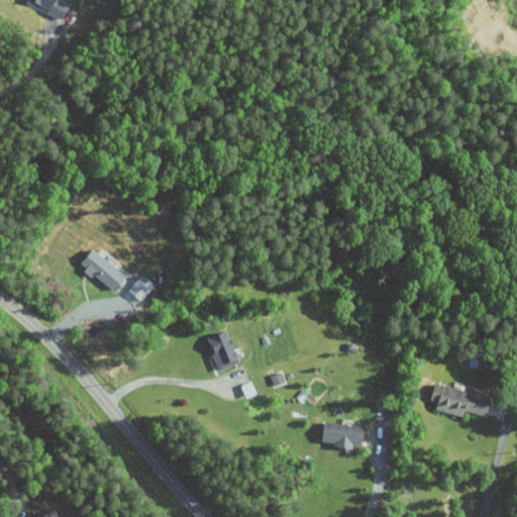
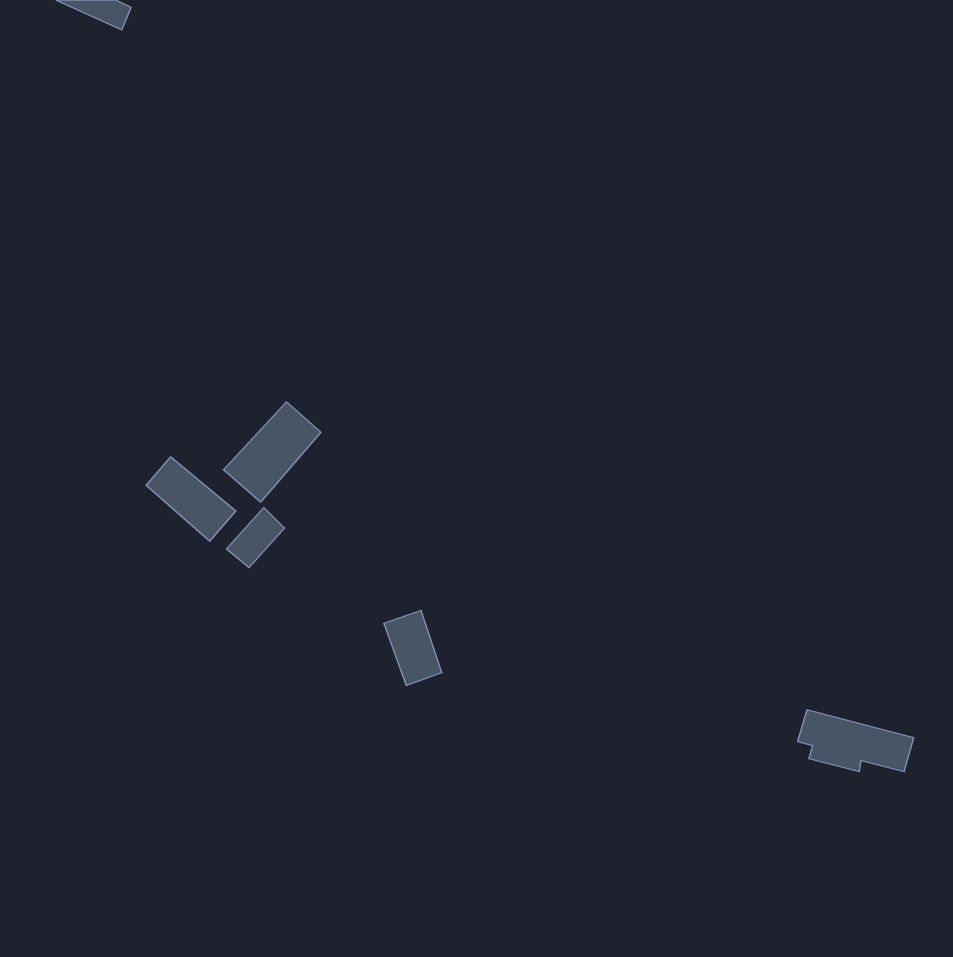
building: none -> [223,402,321,502]
building: [318,420,367,448] -> none

